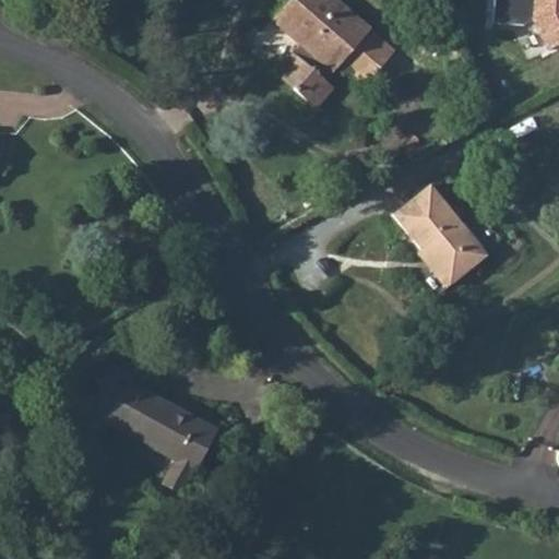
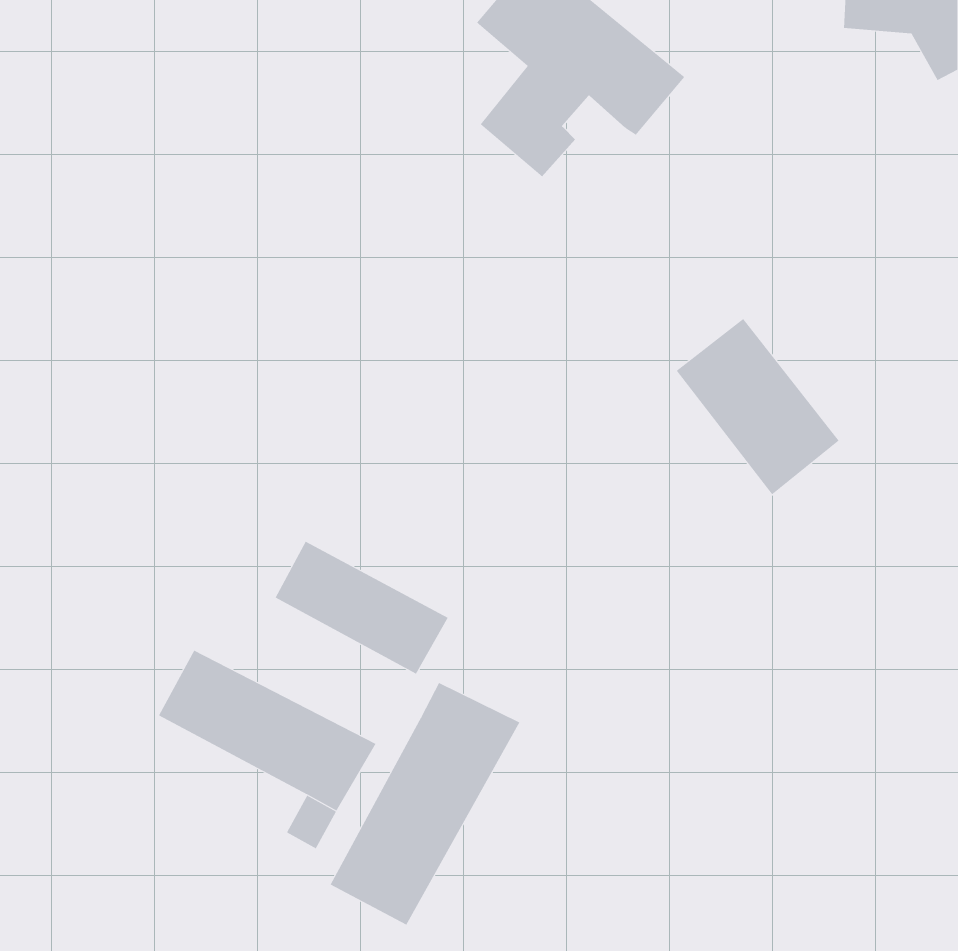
building: none -> [275,541,449,674]
building: none -> [330,682,520,926]

